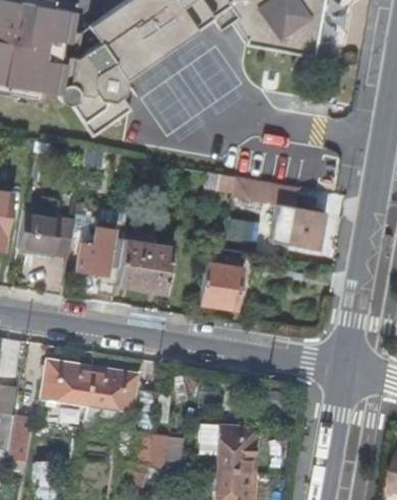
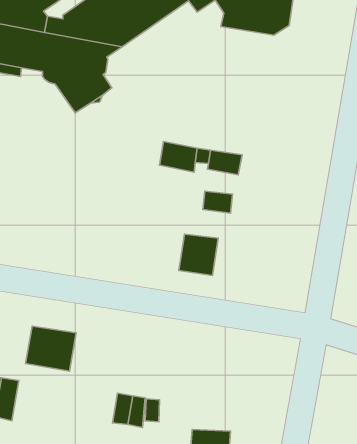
building: [270,199,325,246] -> none
building: [18,212,74,259] -> none
building: [76,227,115,273] -> none
building: [116,237,174,290] -> none
building: [86,368,138,416] -> none
building: [216,425,259,473] -> none

